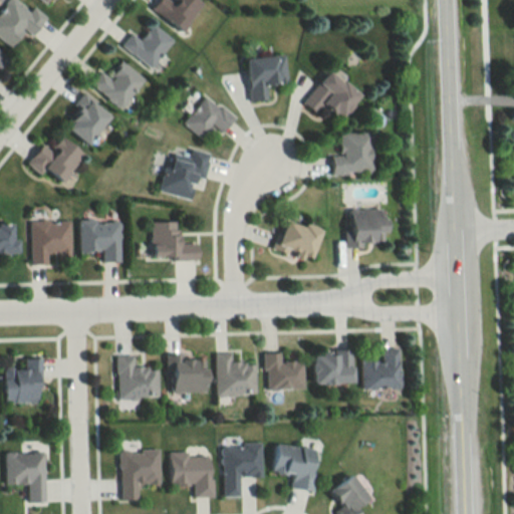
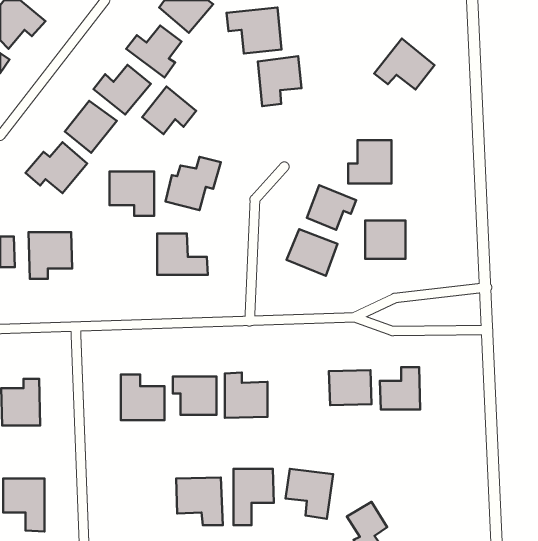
building: none -> [227,8,282,53]
building: [305,70,362,118] -> [374,39,435,90]
building: [185,95,236,141] -> [142,86,196,134]
building: none -> [307,185,356,230]
building: [80,220,122,262] -> [110,171,154,216]
building: [266,354,305,391] -> none
building: [121,450,162,502] -> none

